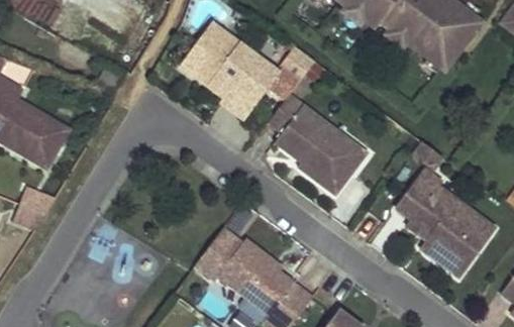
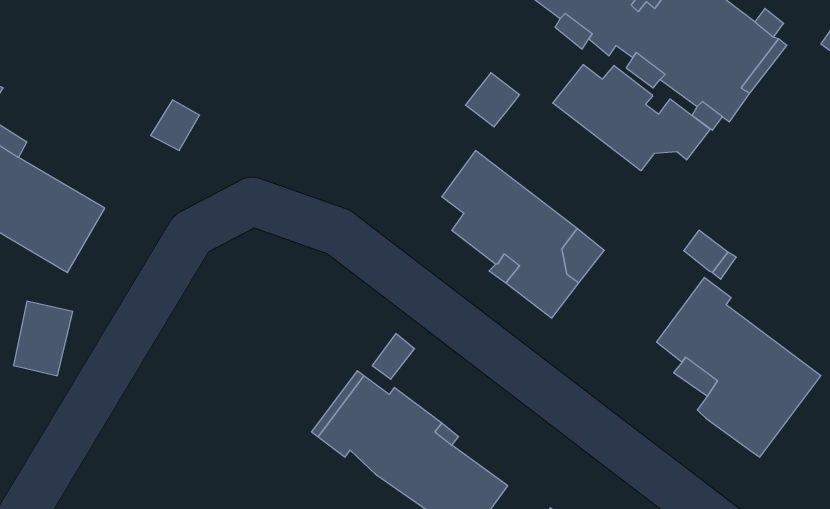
building: [183,19,284,118] -> none
building: none -> [553,65,710,171]

